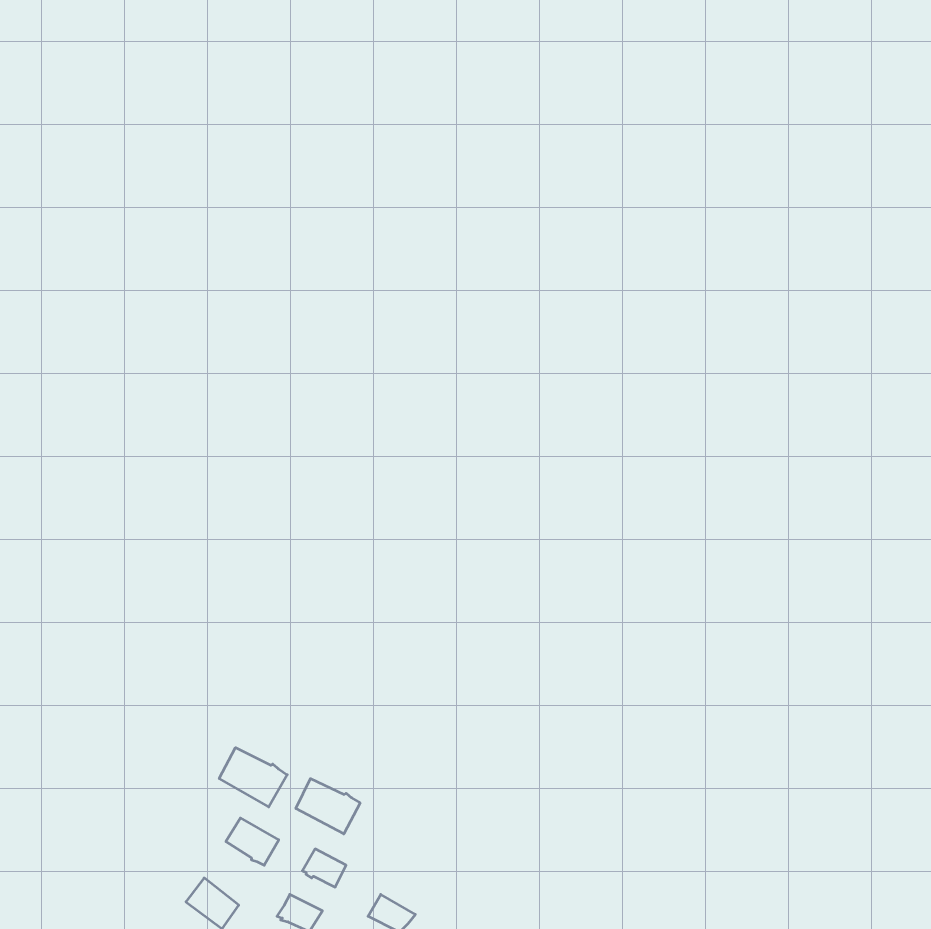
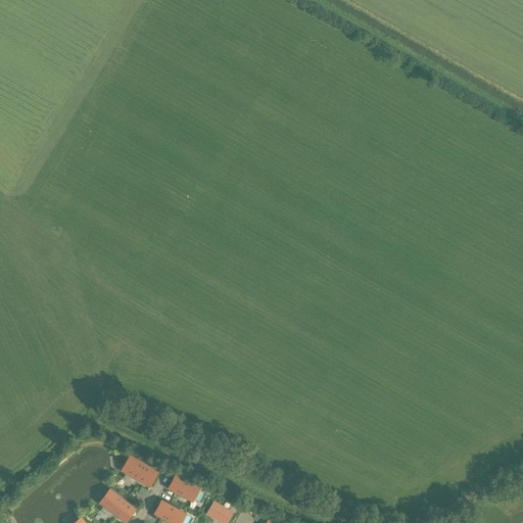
building: [219,748,287,807] -> none
building: [296,779,360,834] -> none

